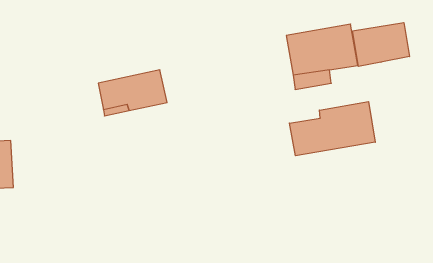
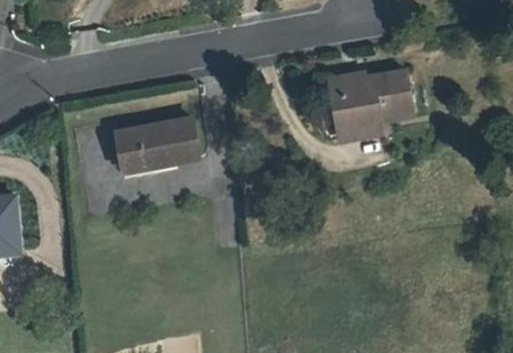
building: [353,23,409,66] -> none
building: [289,102,375,156] -> none

